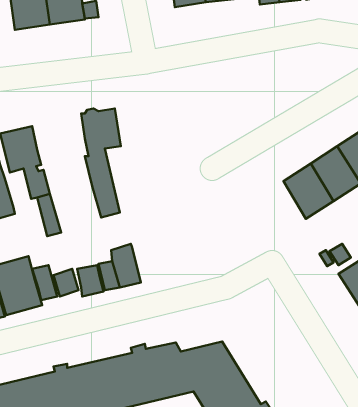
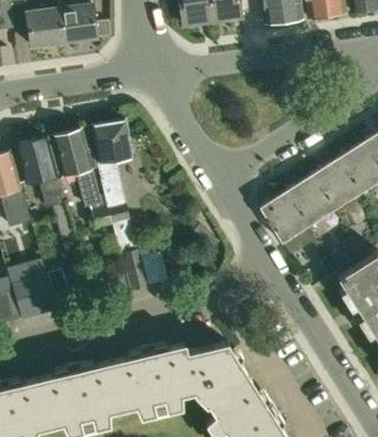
building: none -> [52,128,112,228]
building: none -> [259,190,307,242]

